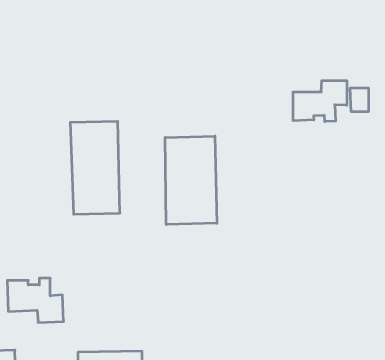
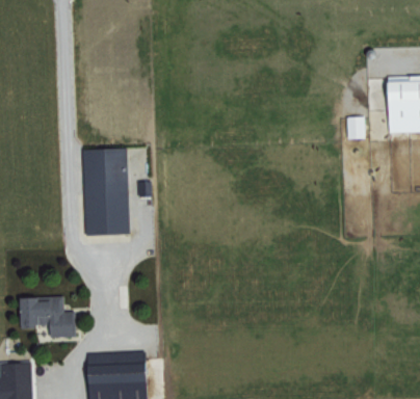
building: [293,81,347,122] -> none
building: [165,136,217,225] -> none

